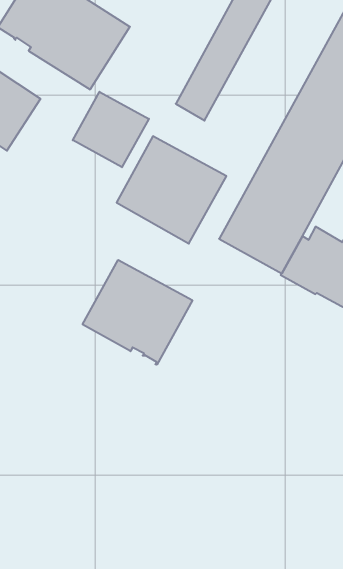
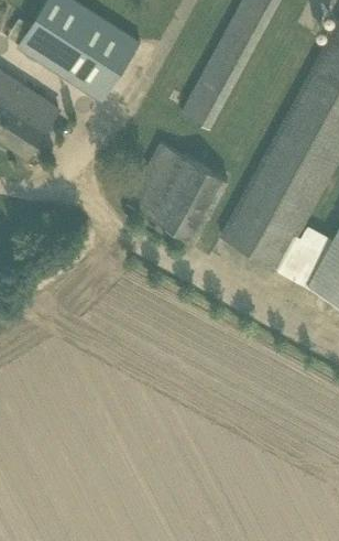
building: [73,92,149,167] -> none
building: [83,260,192,365] -> none

